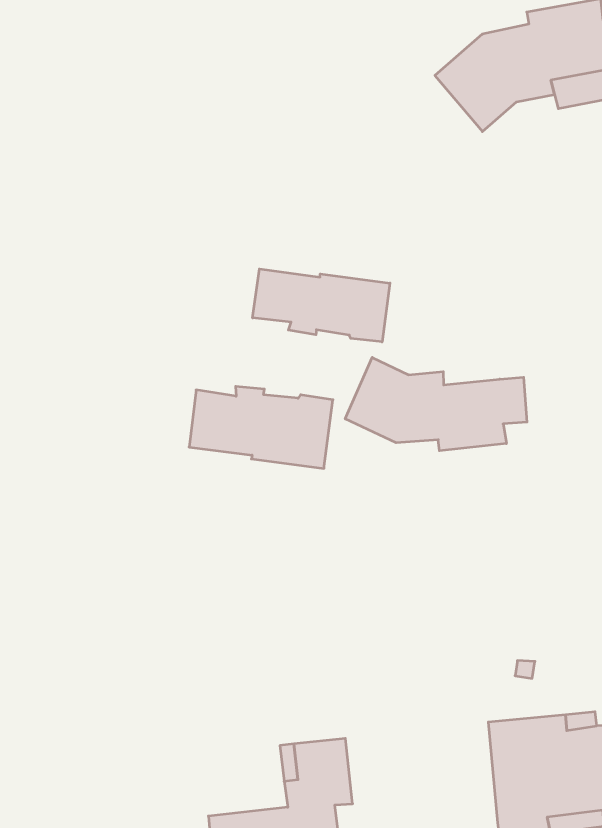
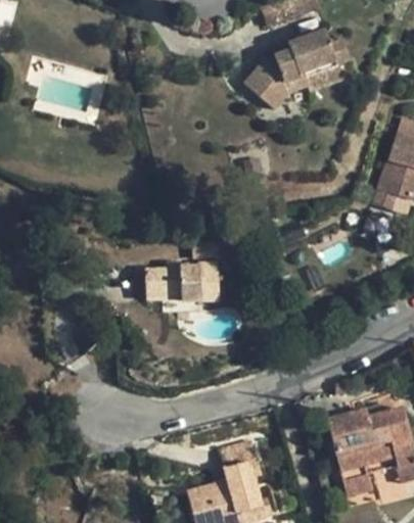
building: [253,269,390,342] -> none
building: [345,357,527,451] -> none

